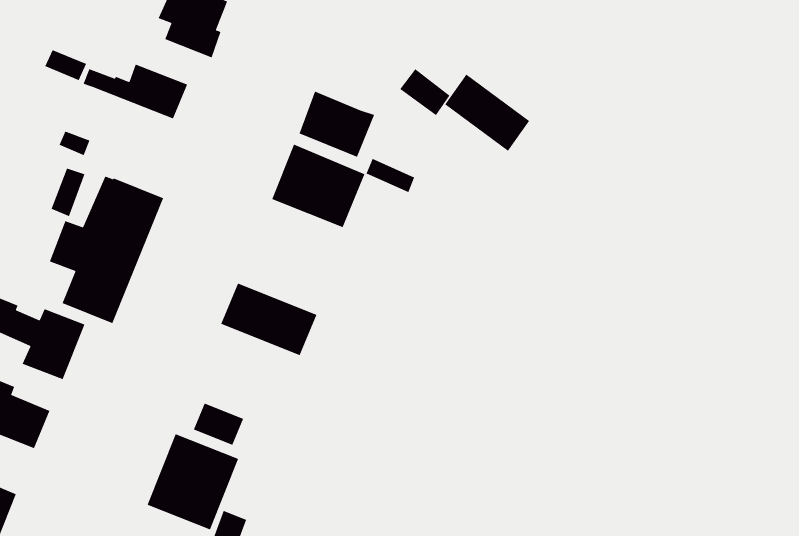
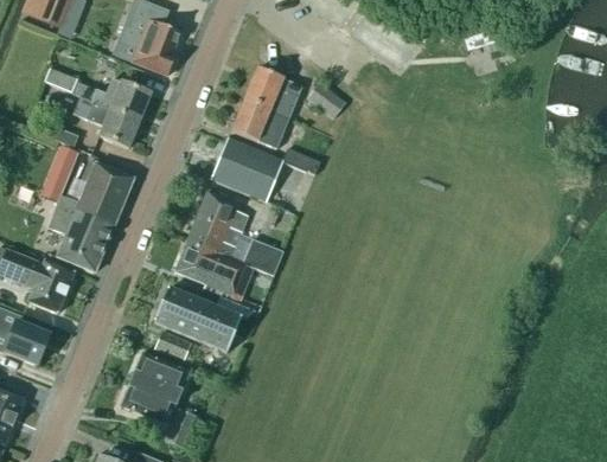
building: none -> [244,68,298,113]
building: [444,73,530,152] -> none
building: none -> [72,96,140,147]
building: none -> [187,191,283,275]
building: none -> [154,287,255,352]

